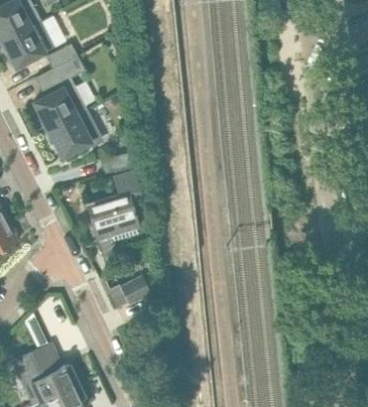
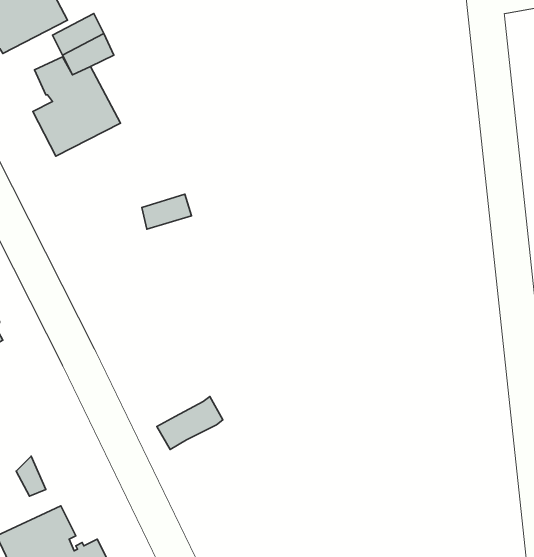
building: [47,110,101,157] -> none
building: [87,170,142,239] -> none

